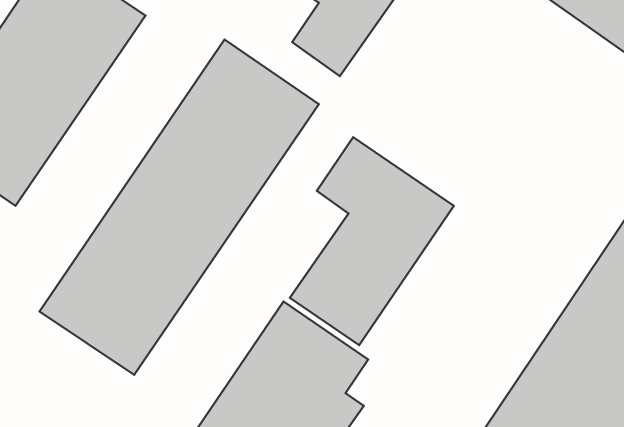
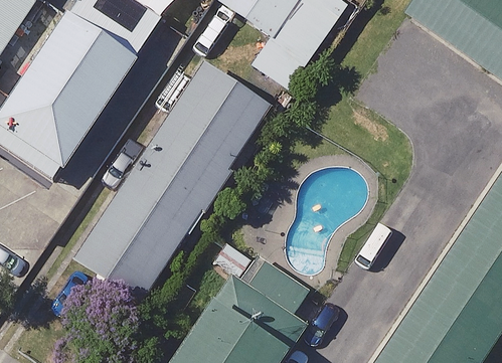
building: [290,137,454,345] -> none

